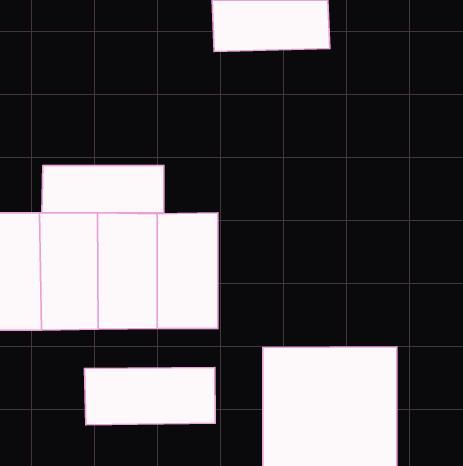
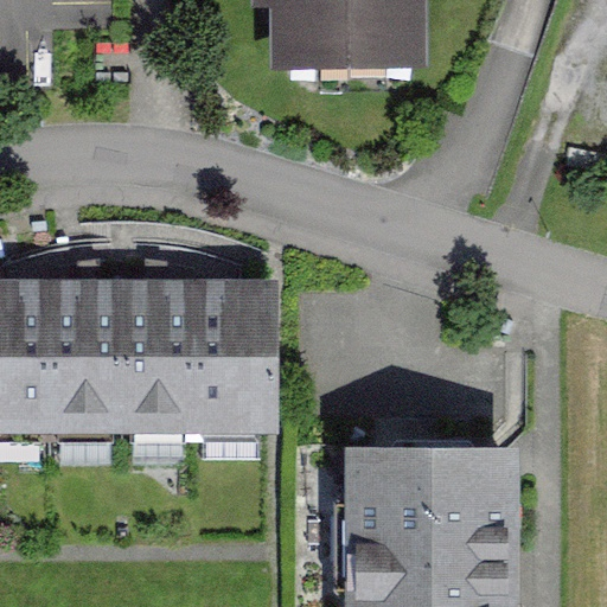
building: [42,166,164,213] -> none
building: [84,368,215,425] -> none

